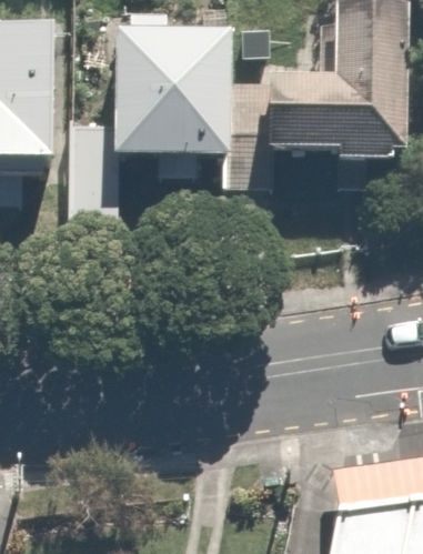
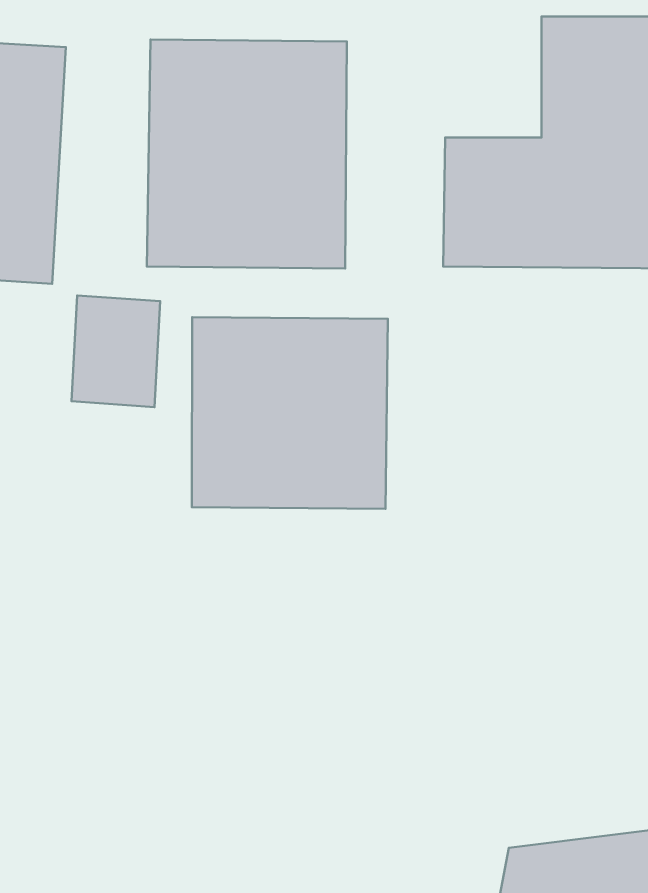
building: none -> [192,317,388,509]

